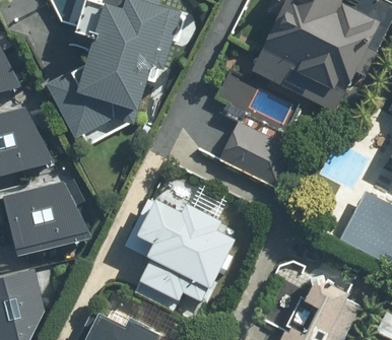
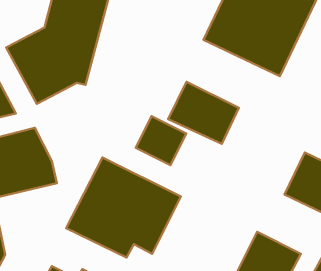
building: none -> [136,116,186,165]

